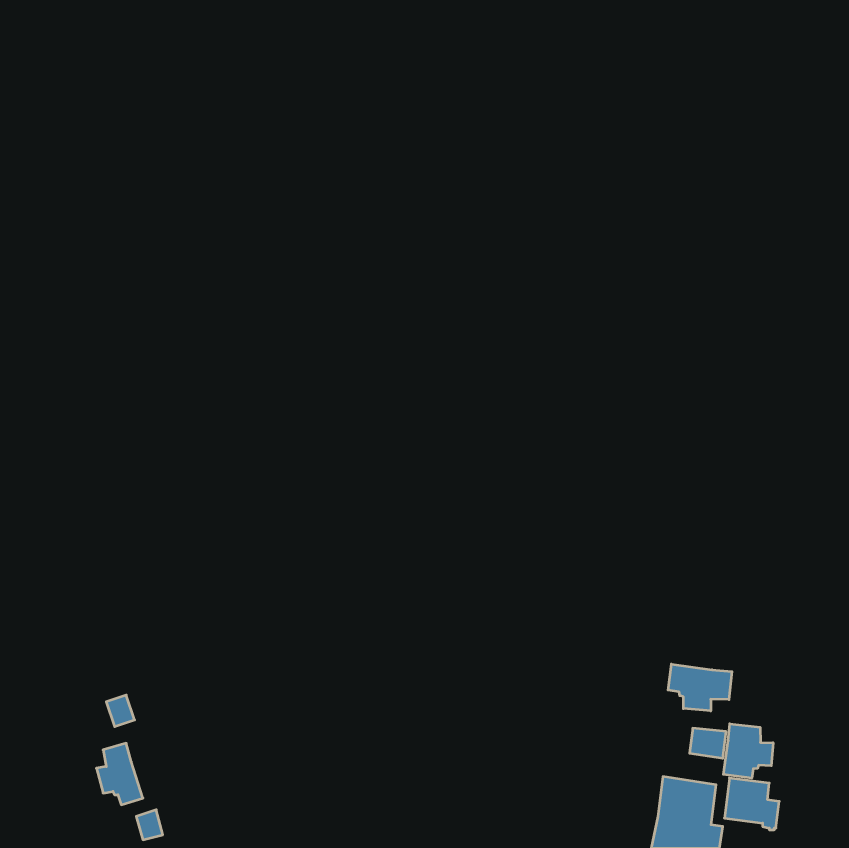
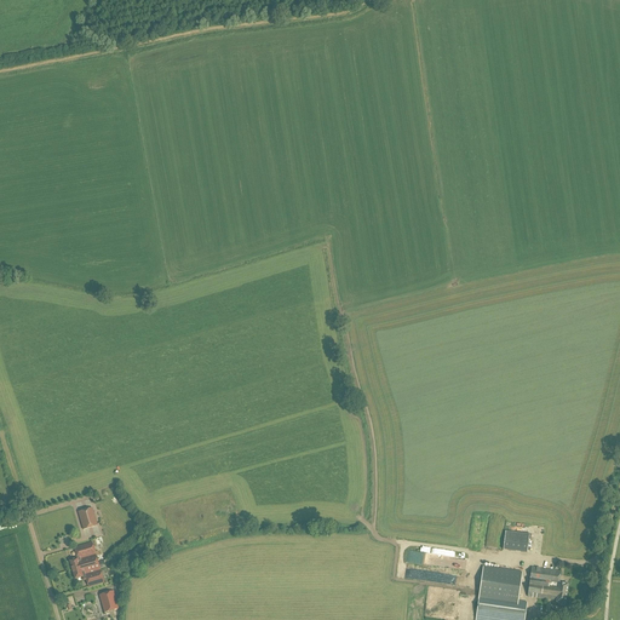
building: [668,664,732,711] -> none
building: [723,724,773,778] -> none

